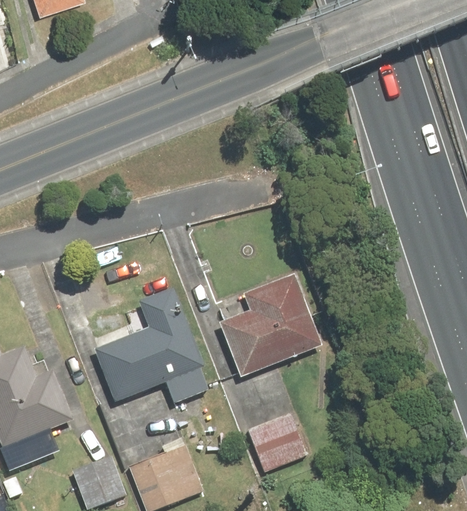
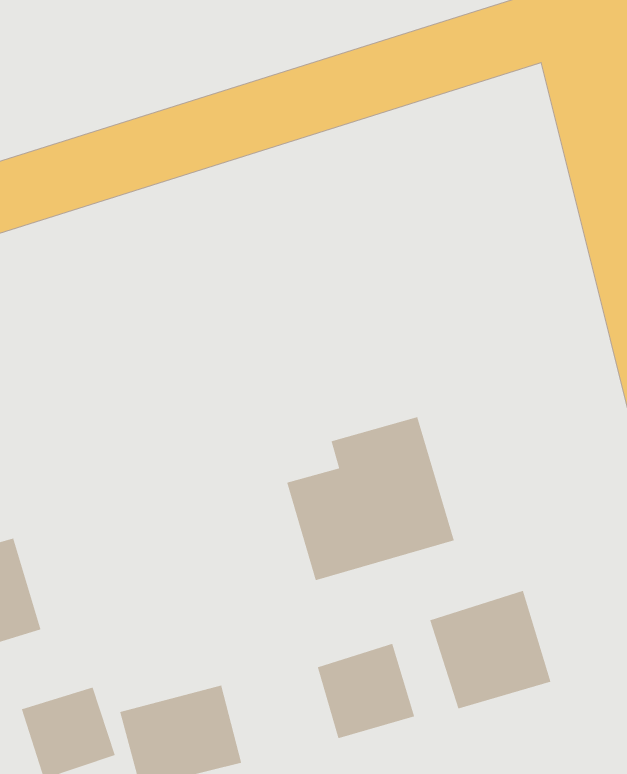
building: [93,287,211,404] -> none
building: none -> [429,590,551,709]

